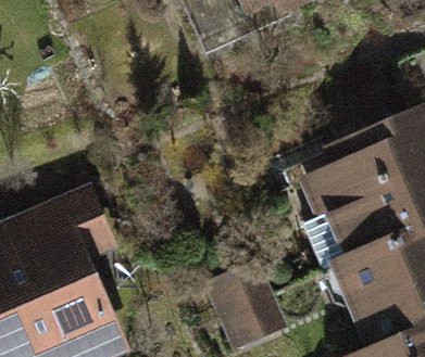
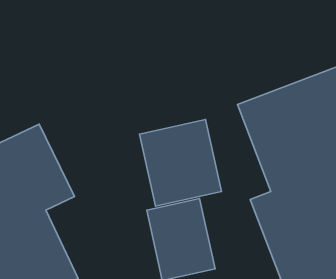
building: none -> [139,119,222,206]

